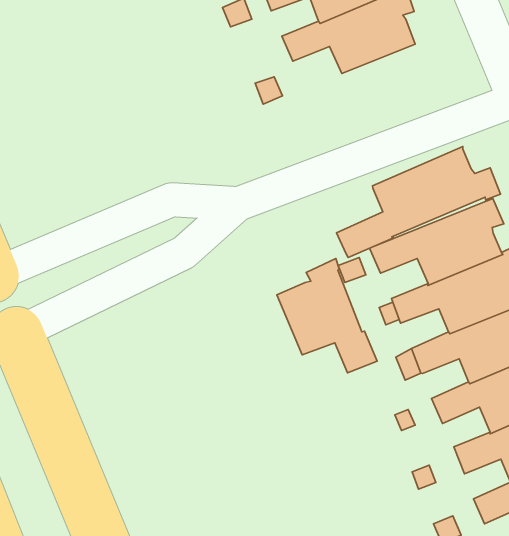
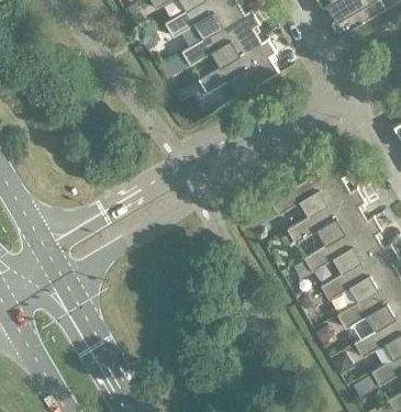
building: [336,147,501,257] -> none
building: [277,259,377,373] -> none

